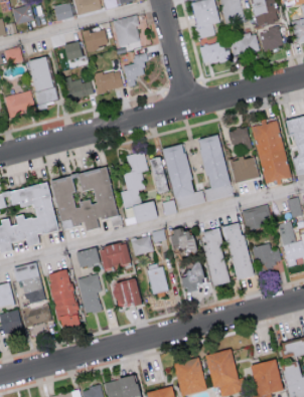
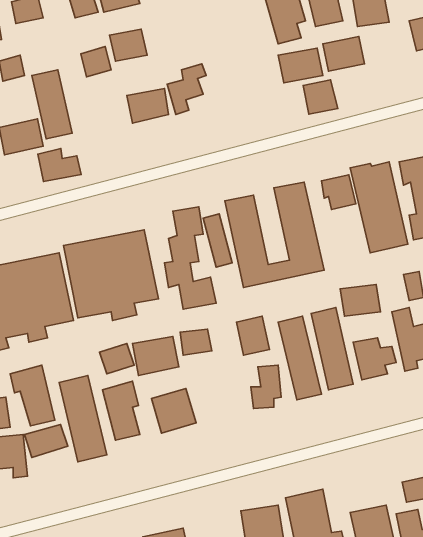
building: [114,15,141,46] -> none
building: [261,27,285,51] -> [303,80,338,114]
building: [65,76,96,100] -> [38,148,81,182]
building: [229,157,259,183] -> none
building: [149,265,168,292] -> none

